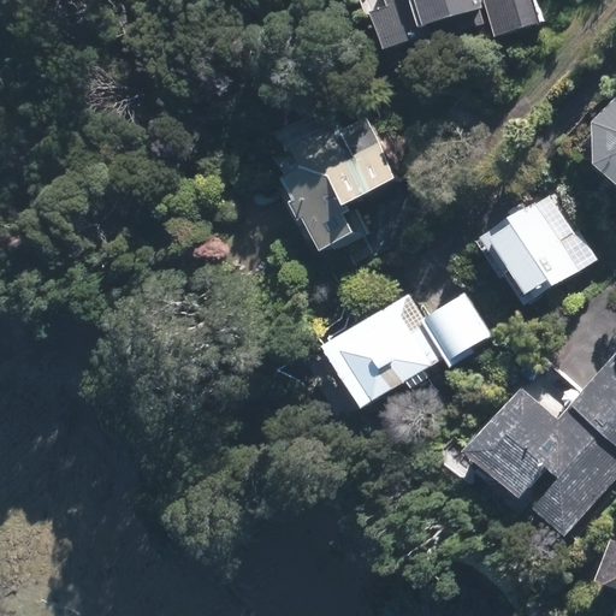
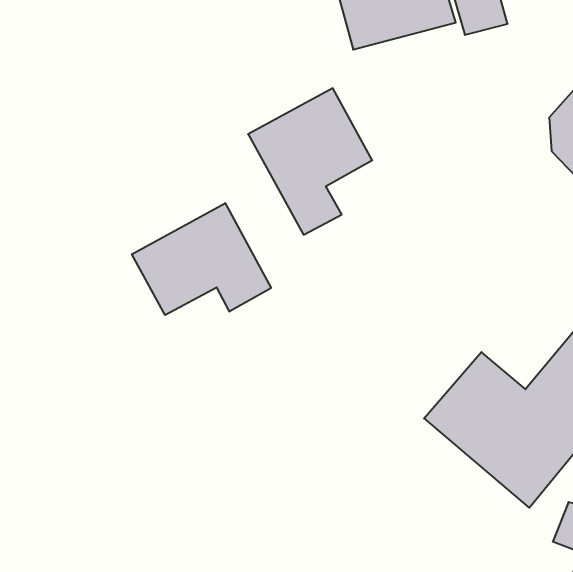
building: [482,191,592,300] -> none
building: none -> [132,203,271,315]
building: [314,295,482,413] -> none

